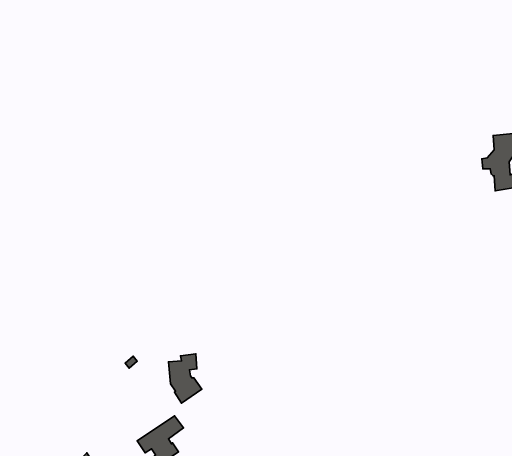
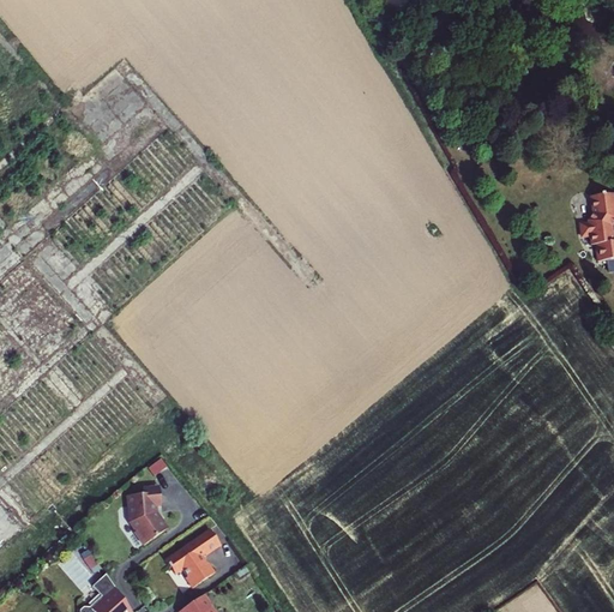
building: [168,354,202,403] -> [128,486,168,545]

